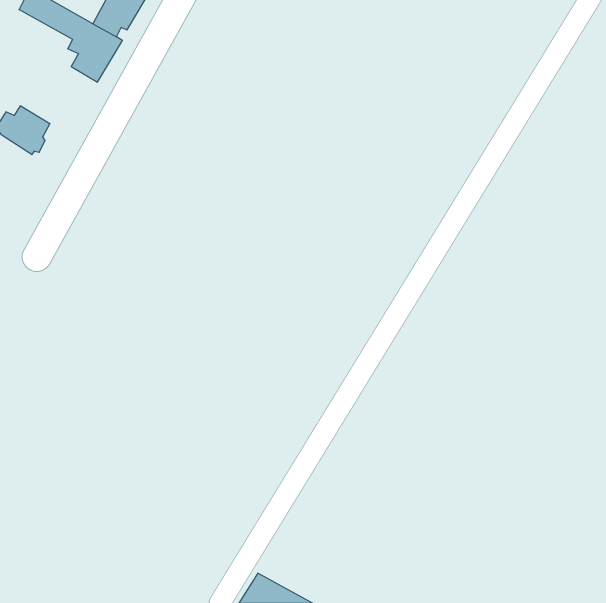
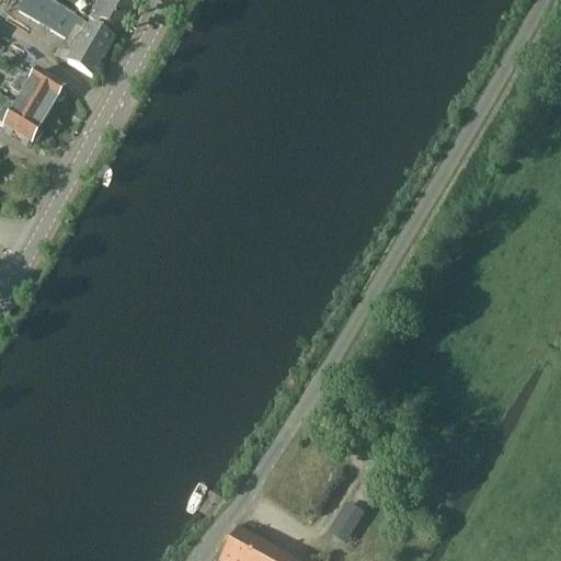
building: none -> [8,69,65,114]
building: none -> [328,501,364,540]

